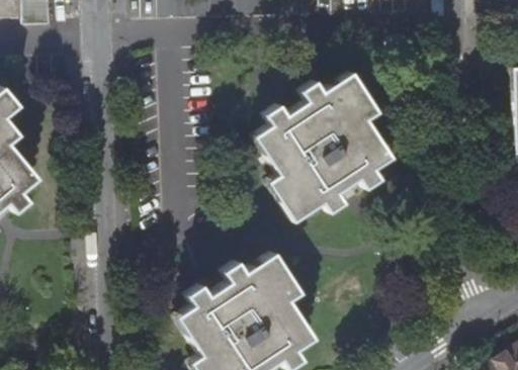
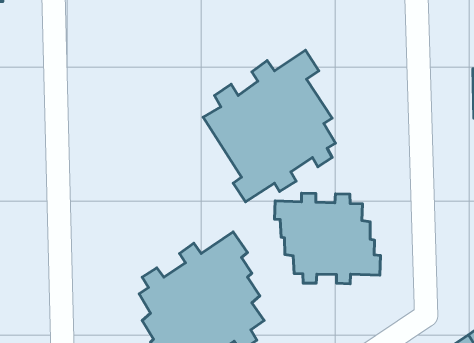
building: none -> [275,193,380,284]

